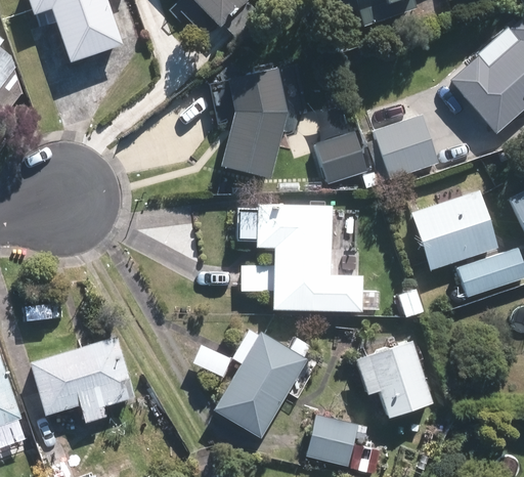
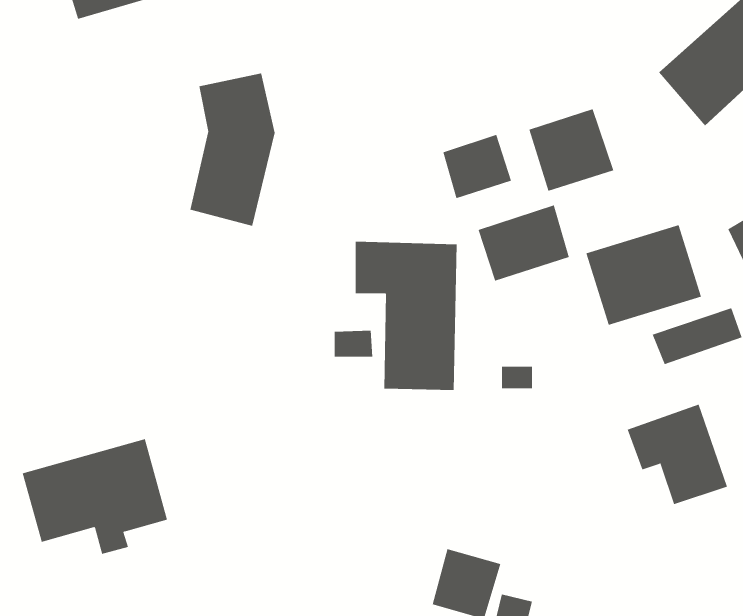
building: [226,71,285,175] -> [190,73,275,226]
building: none -> [478,205,570,281]
building: [218,339,303,436] -> none
building: [360,347,429,416] -> [627,404,728,505]

